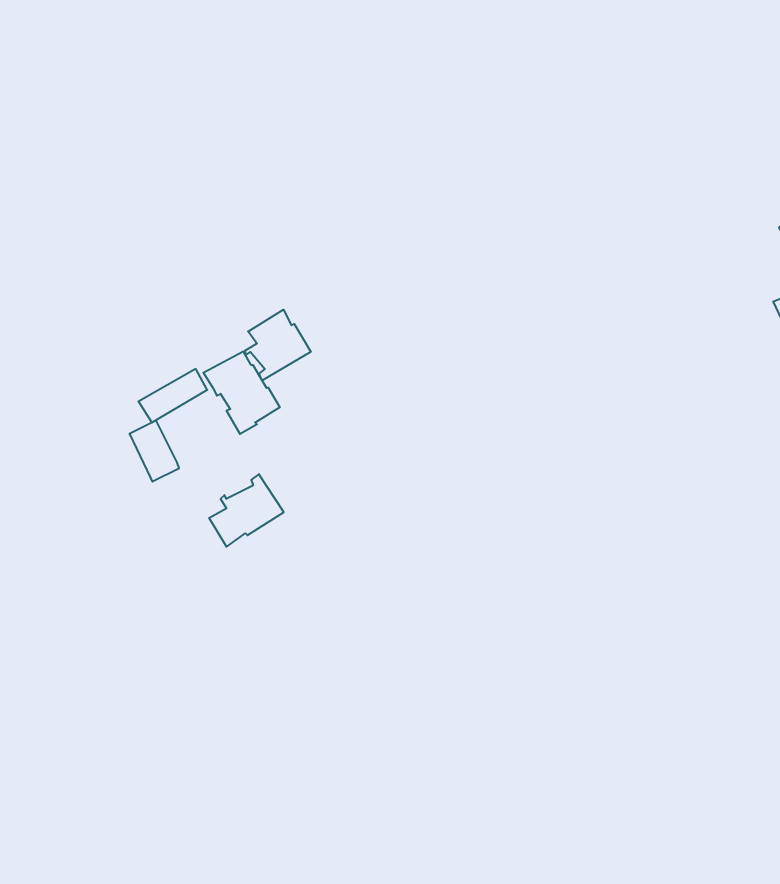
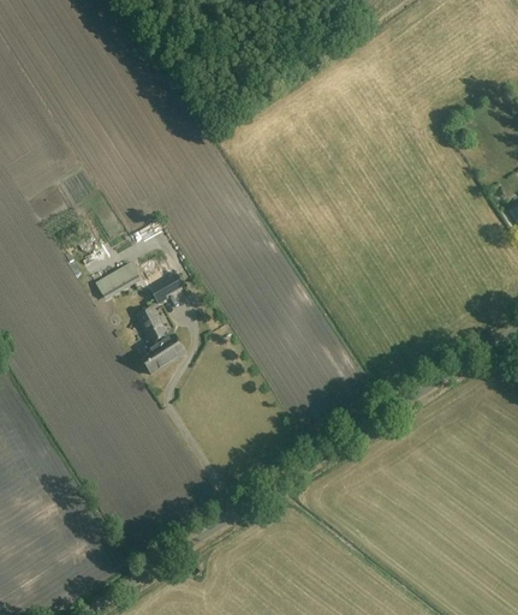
building: [245,310,311,380] -> none
building: [129,420,179,482] -> [137,305,168,344]

